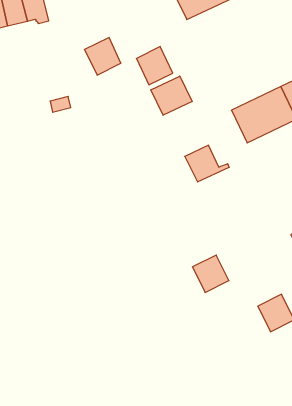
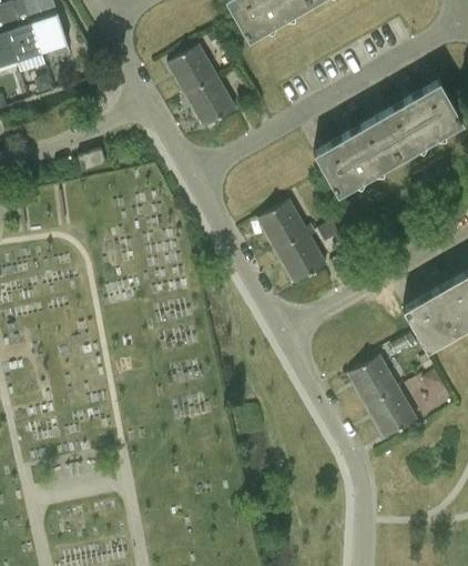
building: [84,38,121,75] -> [167,46,216,95]
building: [151,76,192,115] -> none
building: none -> [277,229,325,284]
building: [192,255,229,293] -> [348,357,397,407]

